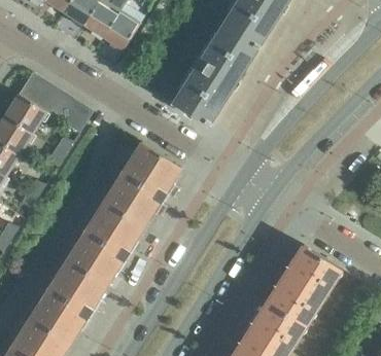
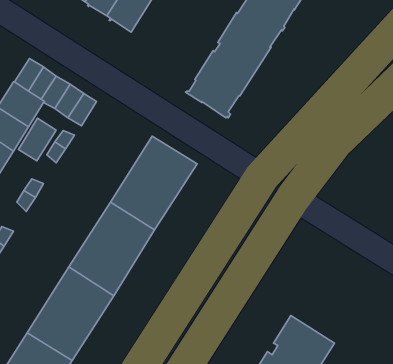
building: none -> [19,118,56,161]
building: [265,246,340,327] -> none

